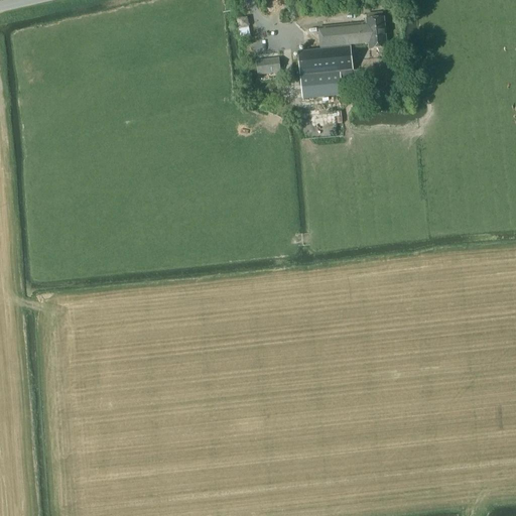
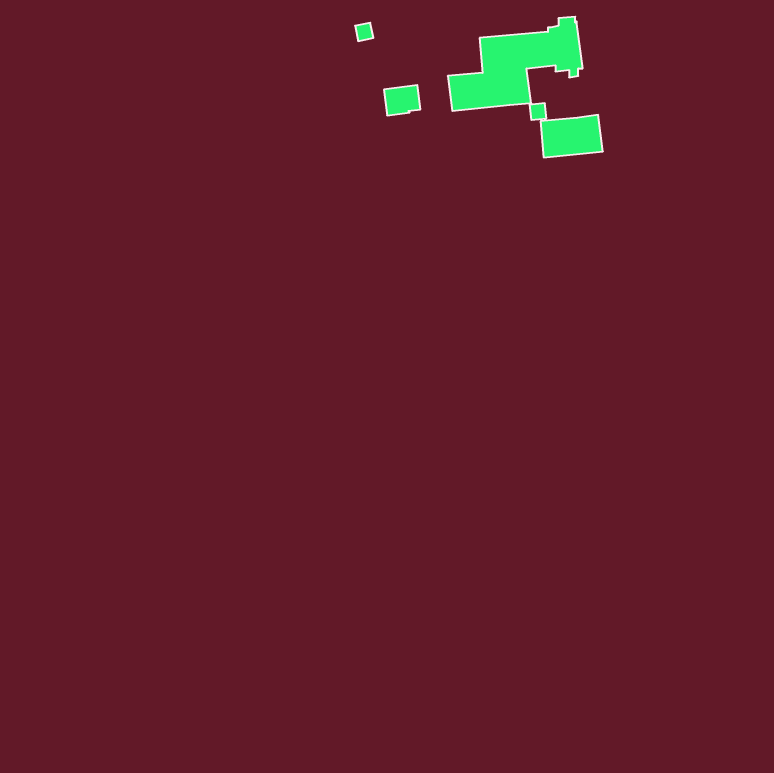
building: [300,70,342,98] -> [541,115,603,157]

